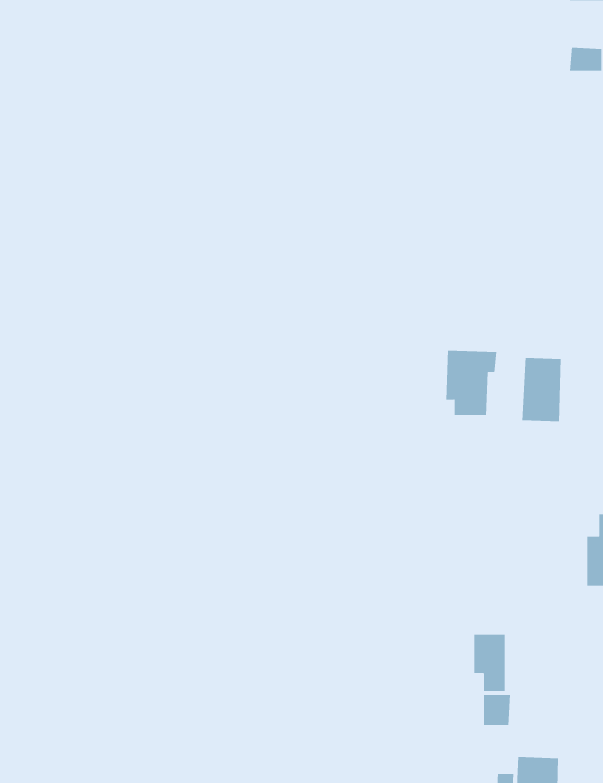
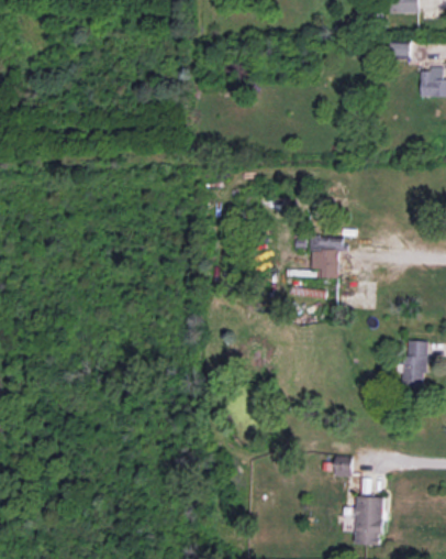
building: [522,357,561,422] -> none
building: [474,634,505,692] -> none

